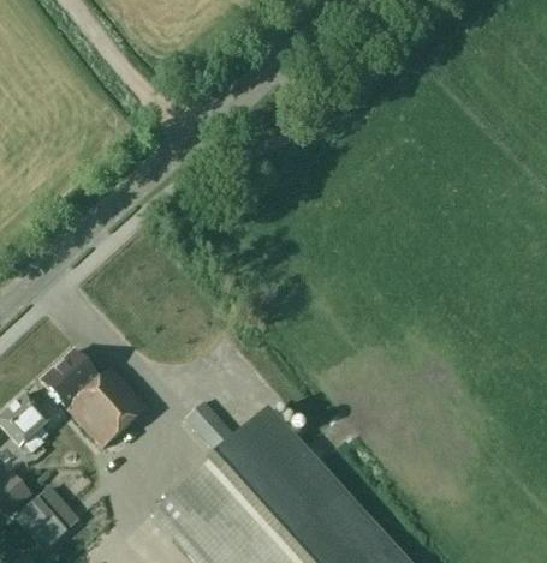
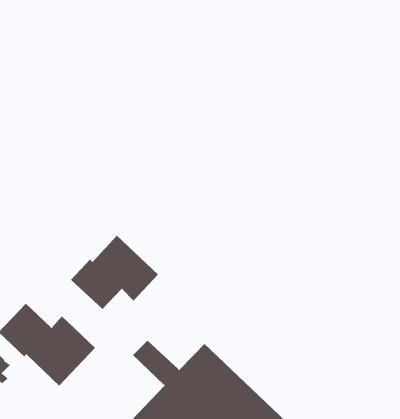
building: none -> [70,235,159,310]

